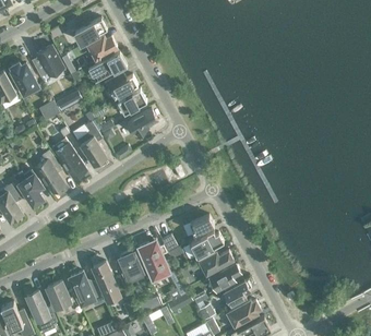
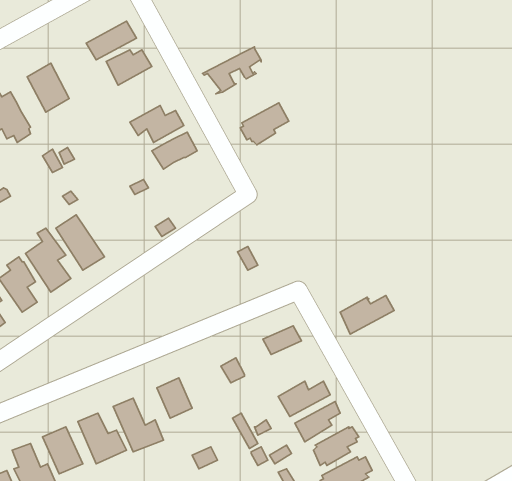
building: [85,52,123,83] -> [202,47,261,94]
building: [125,110,157,137] -> [240,103,289,145]
building: [76,122,106,166] -> none
building: [189,233,224,259] -> [340,295,394,334]
building: [139,243,169,280] -> none

